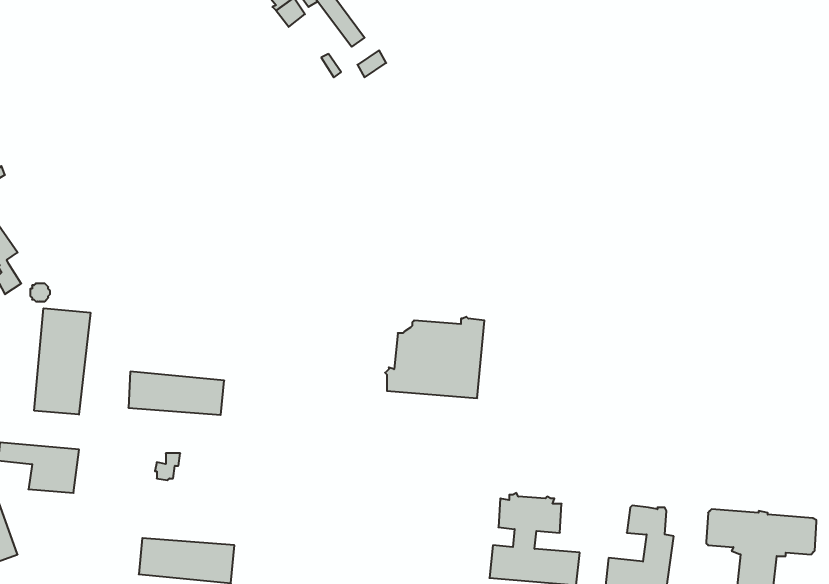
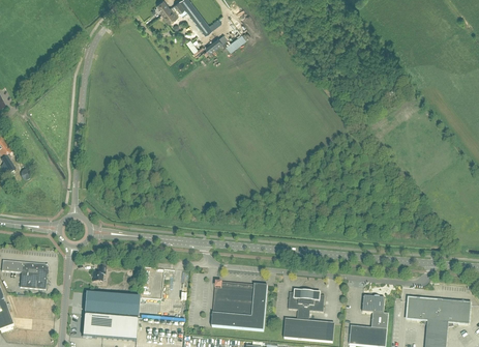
building: [34,308,90,415] -> none
building: [385,317,484,398] -> [210,283,267,329]
building: [128,372,224,415] -> [84,291,139,316]

